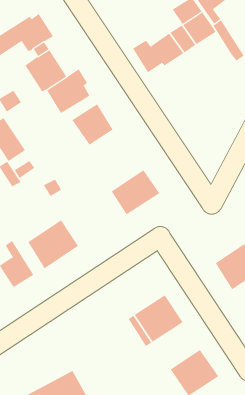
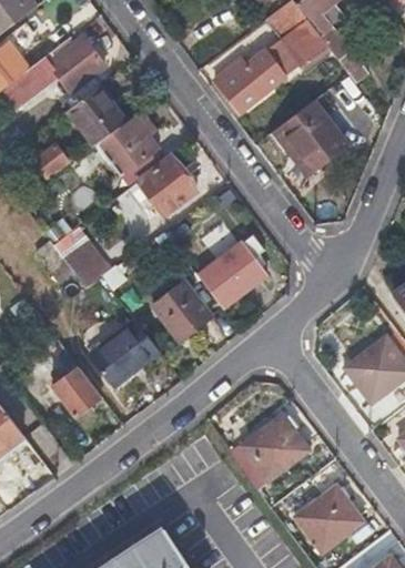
building: none -> [276,98,345,175]
building: none -> [153,283,210,341]

